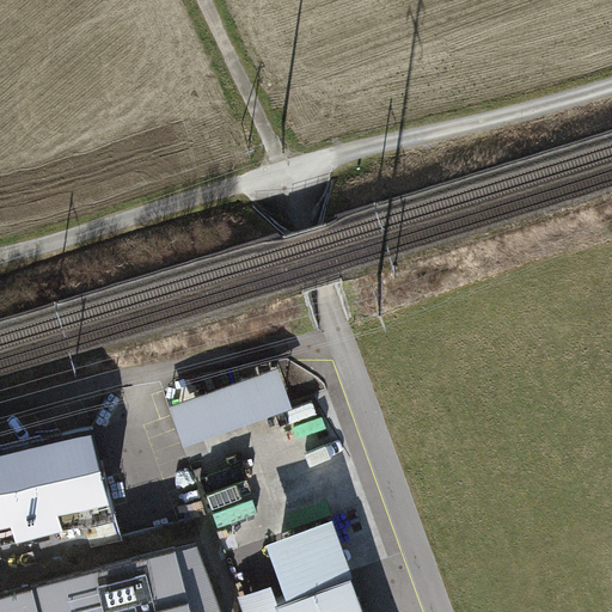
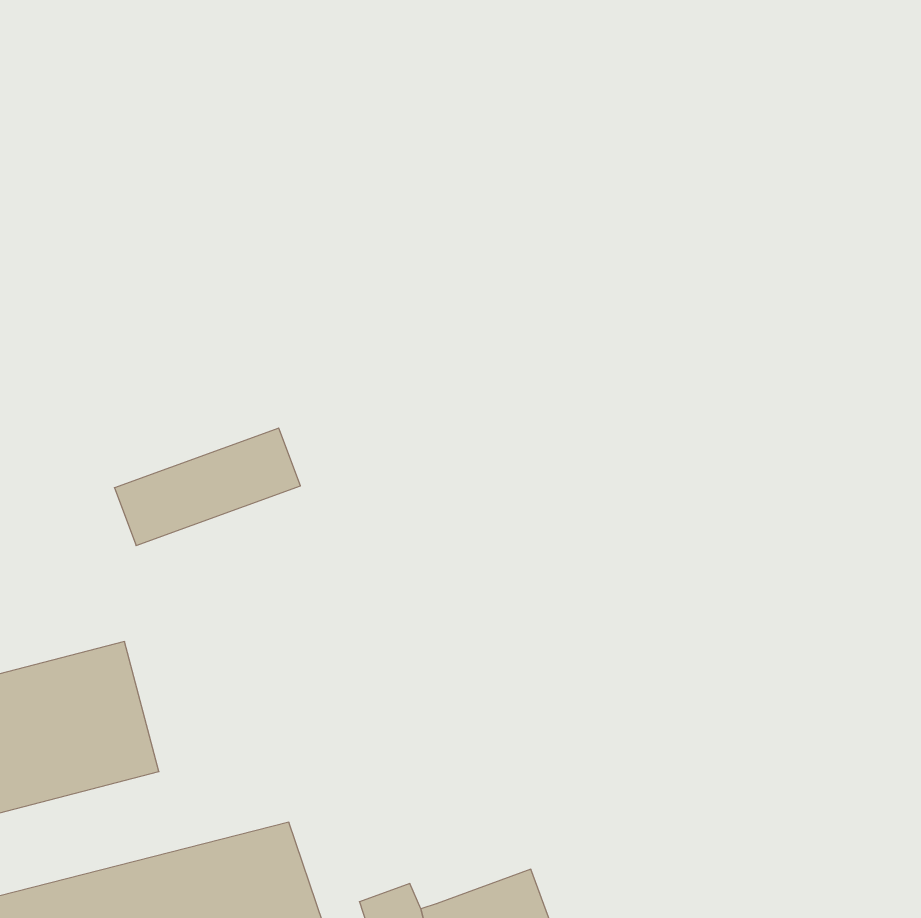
building: [170,369,293,447] -> [114,428,300,546]
building: [269,522,351,601] -> none

